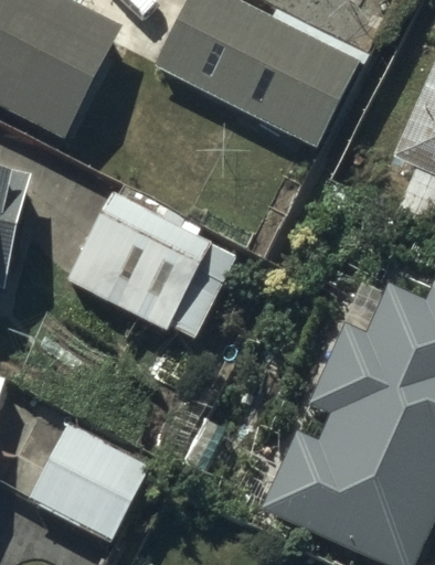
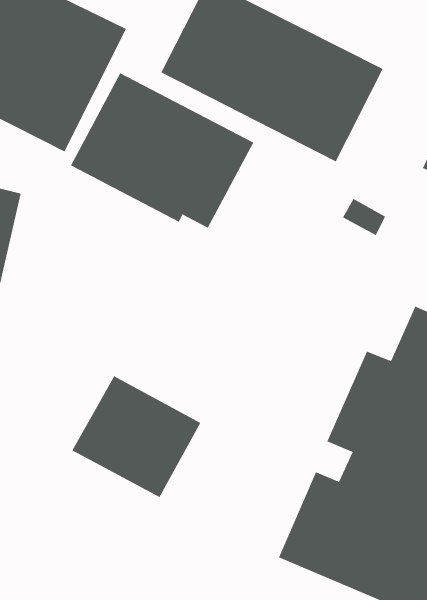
building: [67,193,235,335] -> [70,72,254,228]
building: [34,427,152,539] -> [72,376,201,498]

